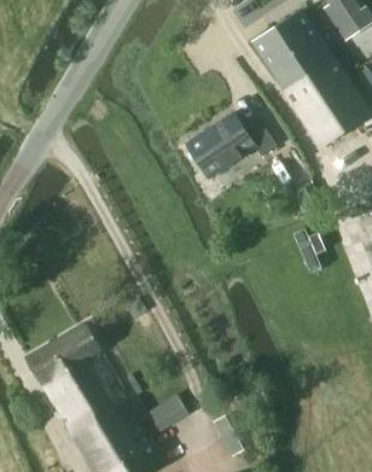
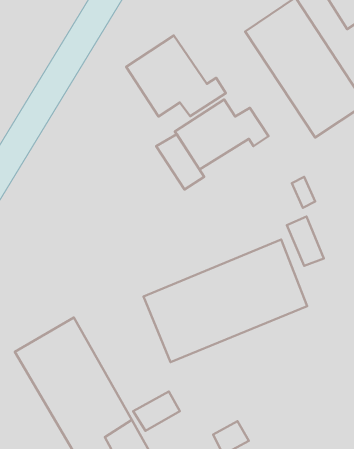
building: none -> [126,35,226,116]
building: none -> [156,134,204,189]
building: none -> [143,239,307,362]

